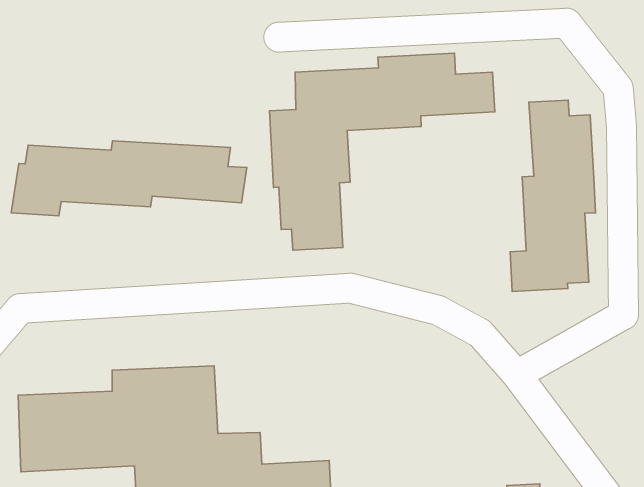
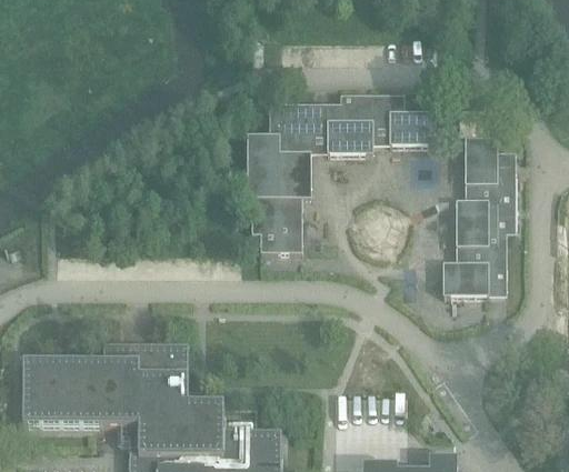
building: [11,141,247,216] -> none

